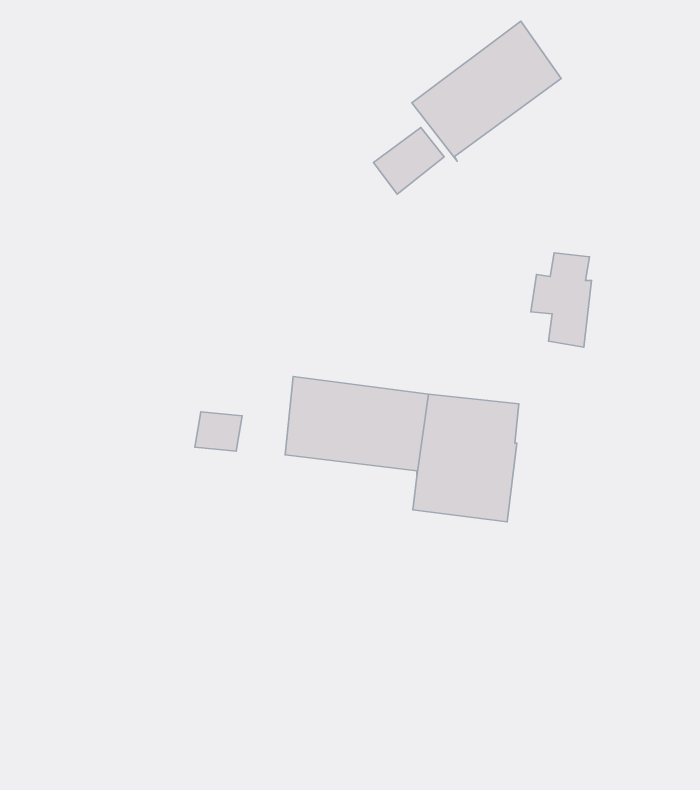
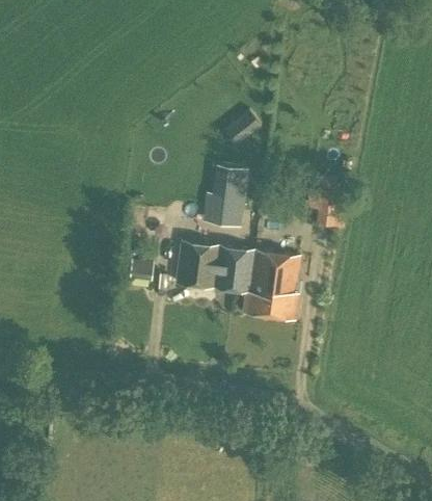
building: [412,21,561,161] -> none
building: none -> [201,165,250,227]

